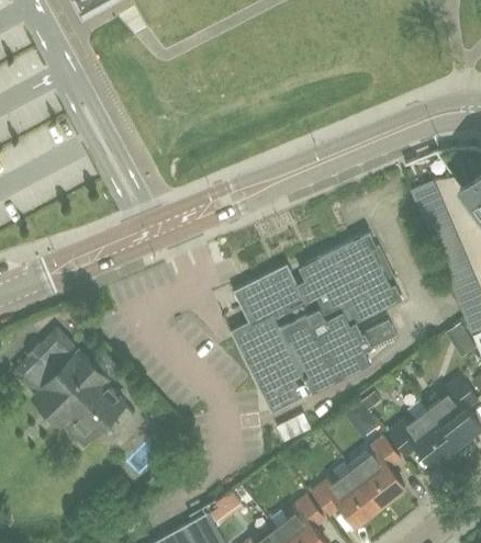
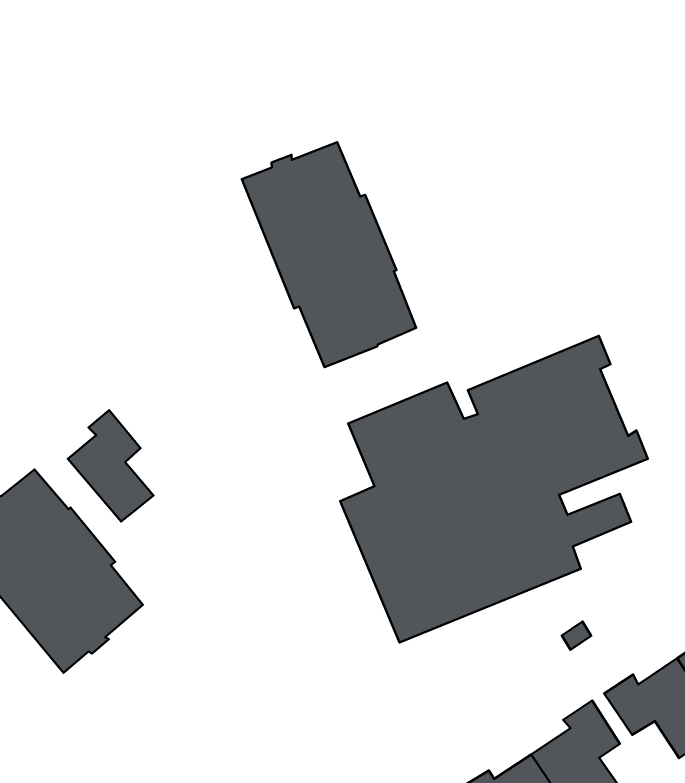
building: none -> [242,142,416,367]
building: none -> [68,410,153,522]

